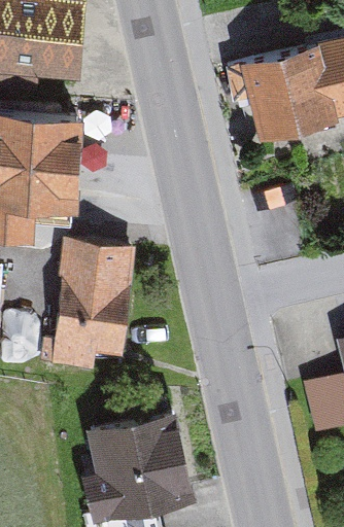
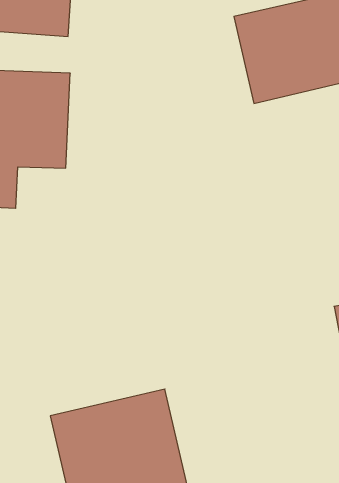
building: [40,239,138,362] -> none

